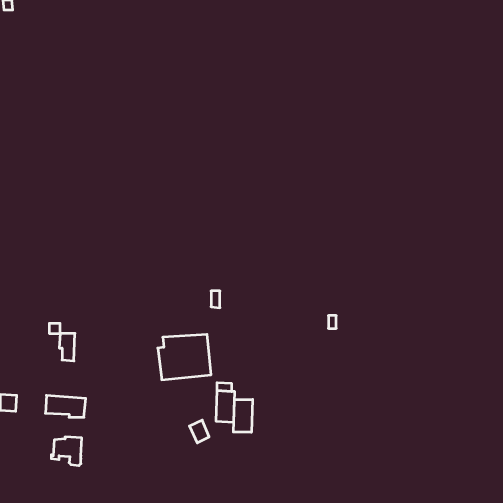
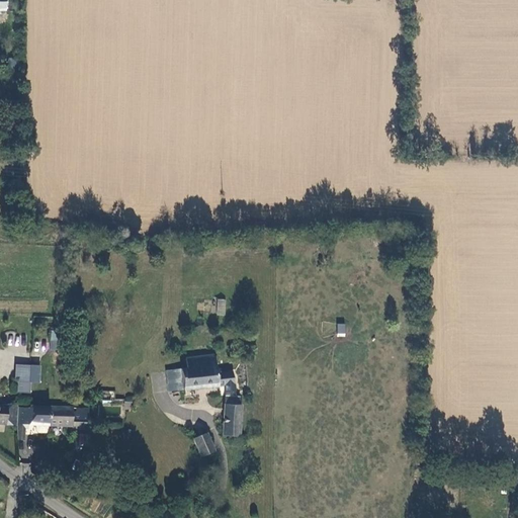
building: [59,333,75,361] -> [16,367,32,396]
building: [233,399,253,432] -> none
building: [51,437,82,466] -> [17,406,49,435]

